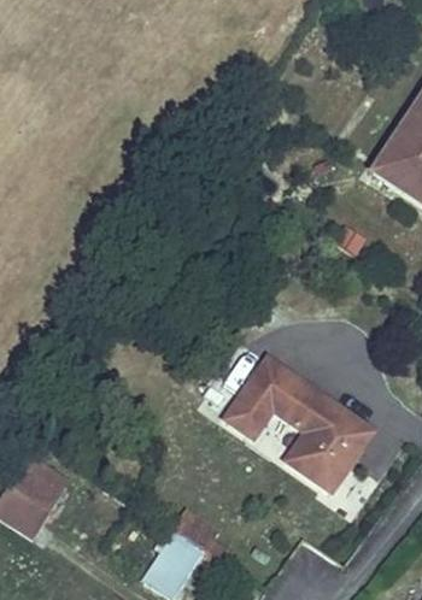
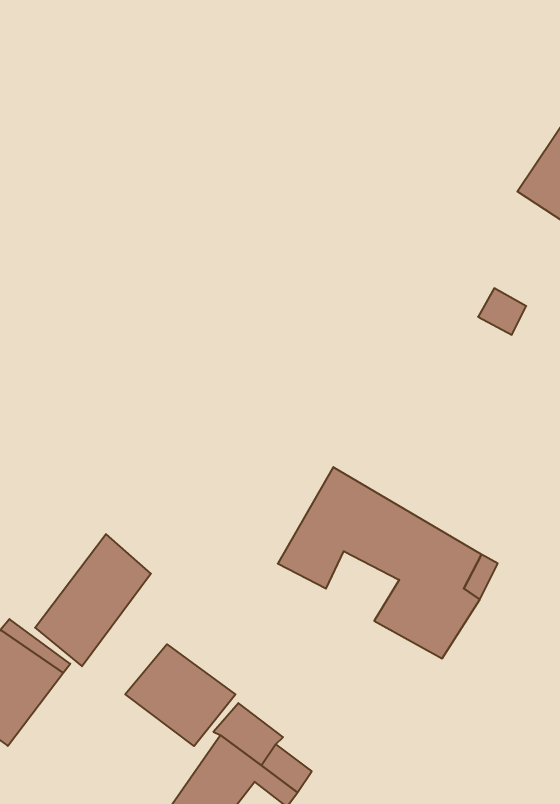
building: none -> [35,534,151,666]
building: none -> [125,644,235,746]

